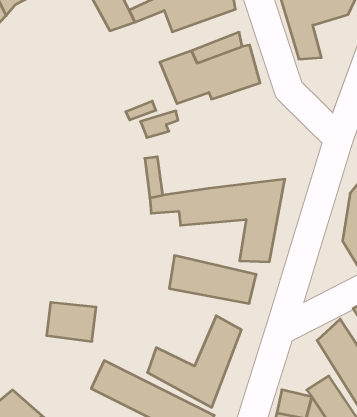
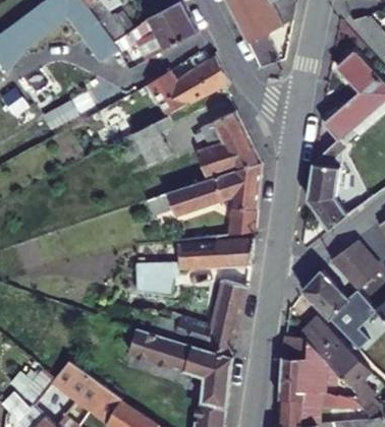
building: none -> [174,112,260,180]
building: [47,302,96,341] -> [139,261,177,291]

